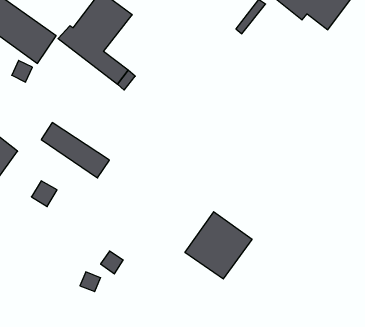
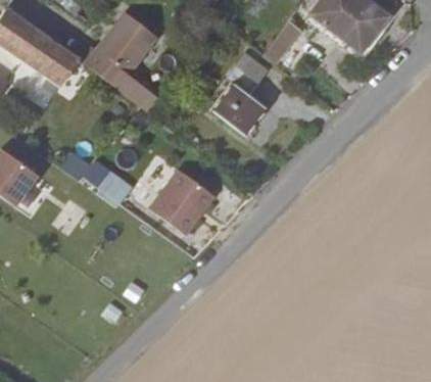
building: none -> [210,53,267,136]
building: [185,212,252,279] -> [149,165,219,235]

